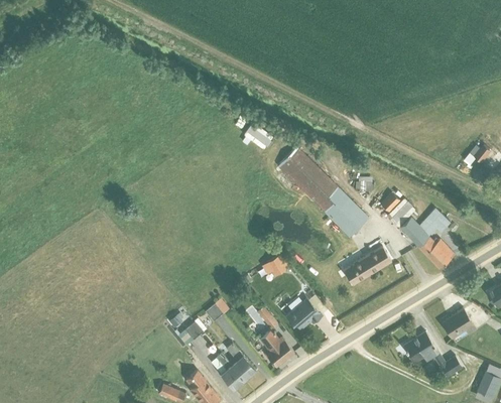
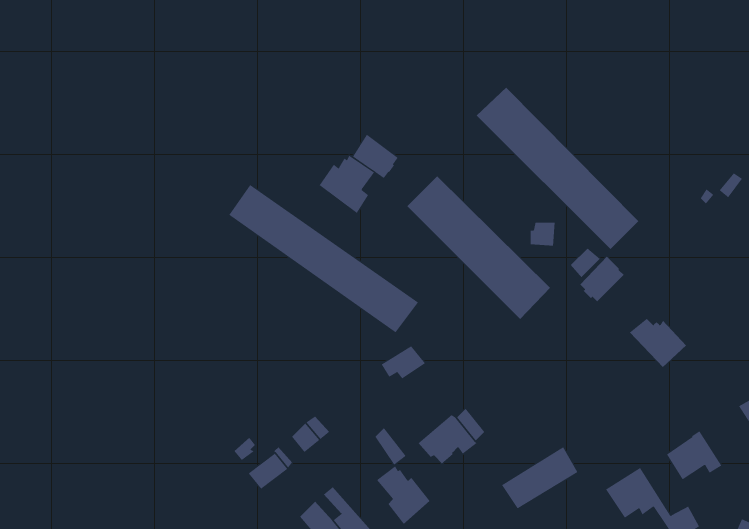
building: none -> [476,87,639,250]
building: none -> [319,155,375,214]
building: none -> [229,184,419,333]
building: [400,208,450,246] -> none
building: [342,245,390,284] -> [501,447,578,509]

